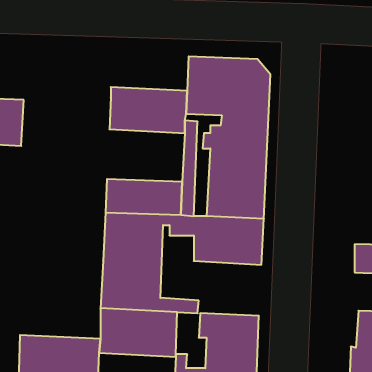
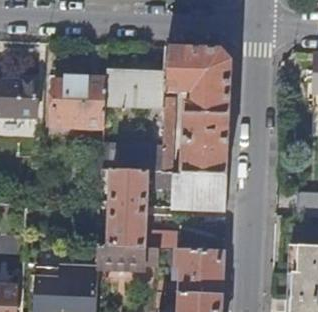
building: none -> [52,77,105,126]

